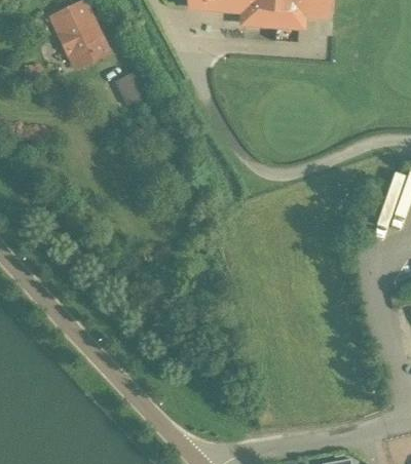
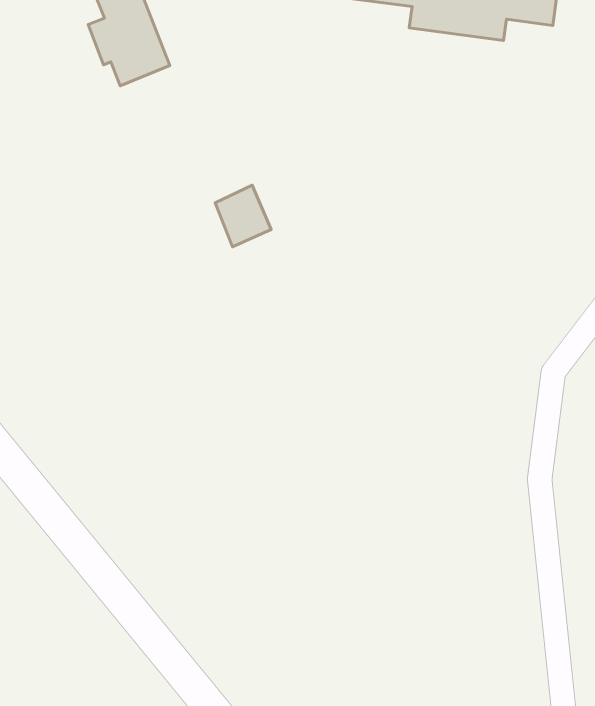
building: [113,73,146,109] -> [215,185,271,247]

